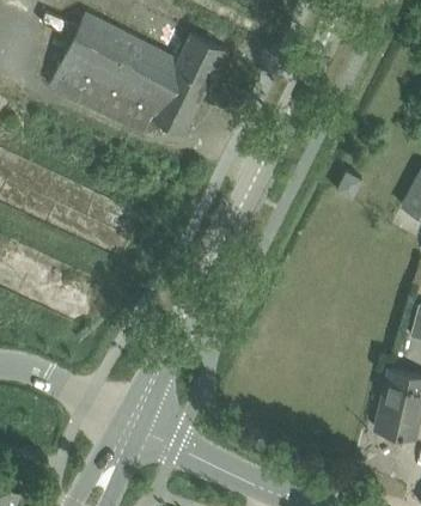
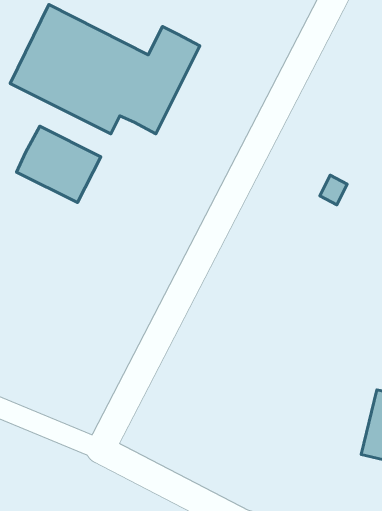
building: none -> [17,126,101,203]

